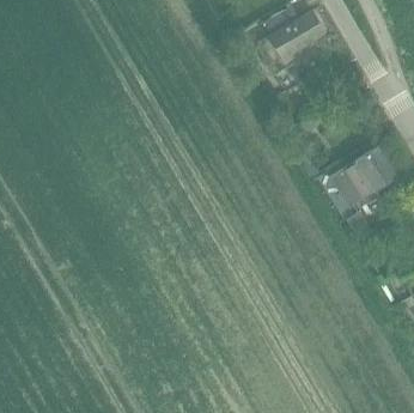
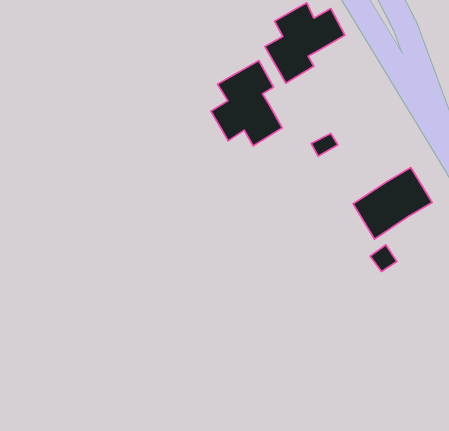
building: none -> [211,60,282,146]

